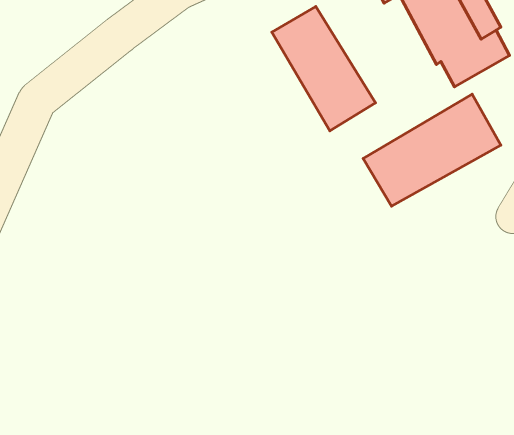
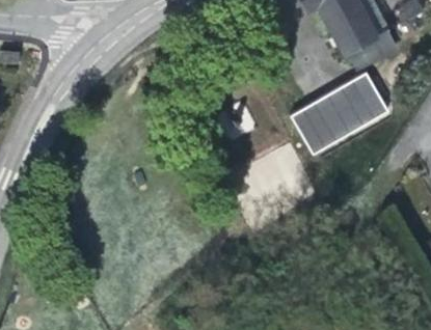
building: [272,6,375,131] -> none

